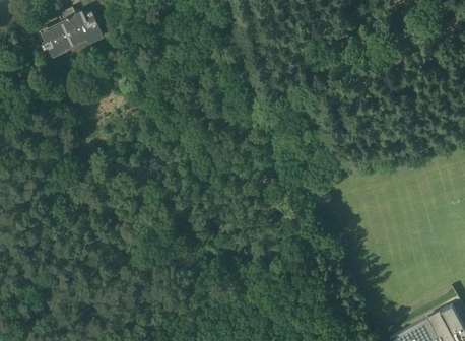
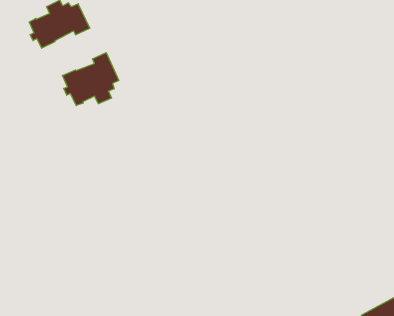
building: none -> [62,53,119,106]

